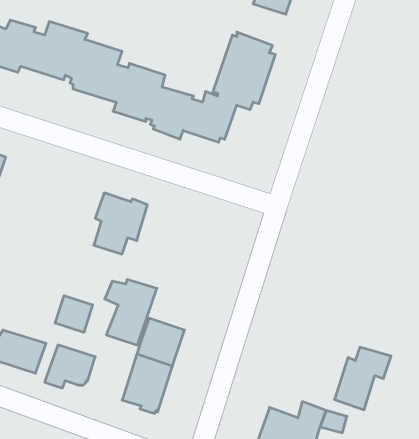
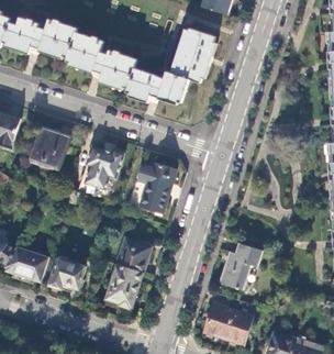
building: none -> [30,128,70,169]
building: [105,280,157,345] -> [137,164,176,212]
building: [55,296,93,332] -> none
building: [334,347,391,410] -> [220,243,261,289]

